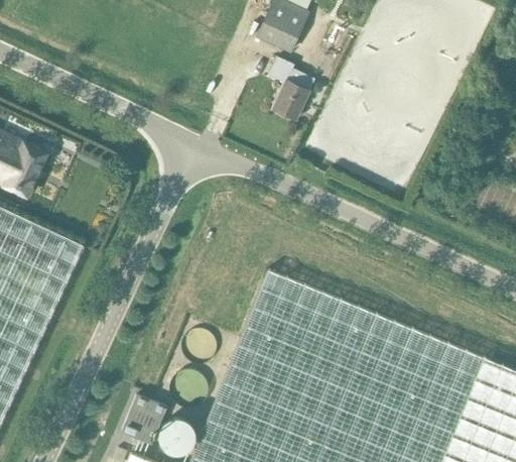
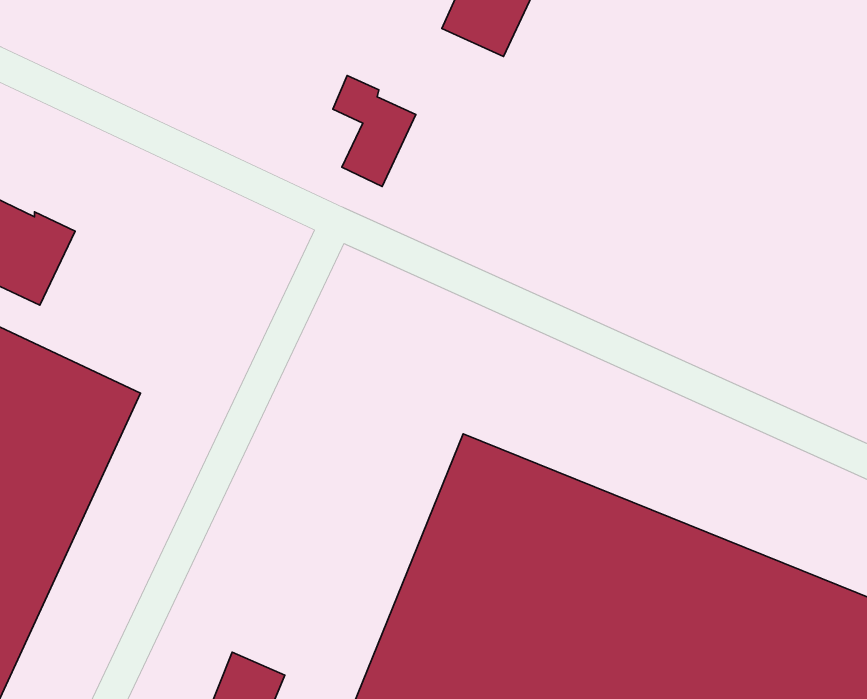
building: [268,56,315,120] -> [333,76,416,187]

